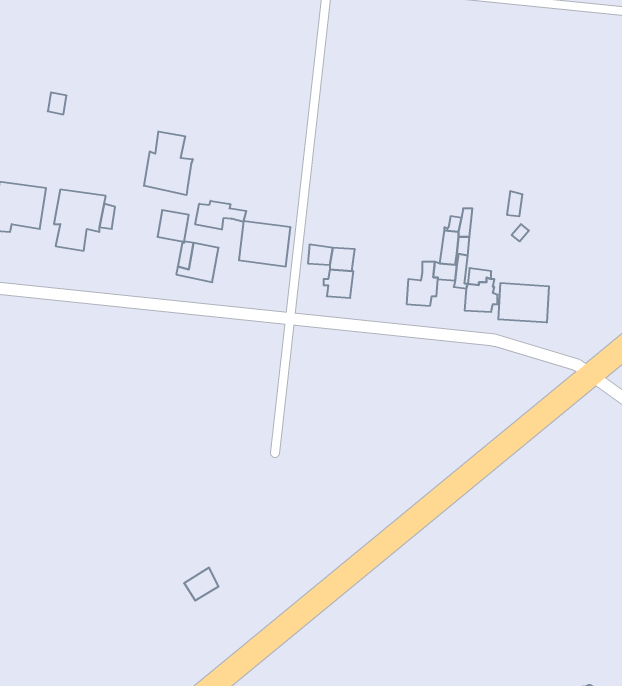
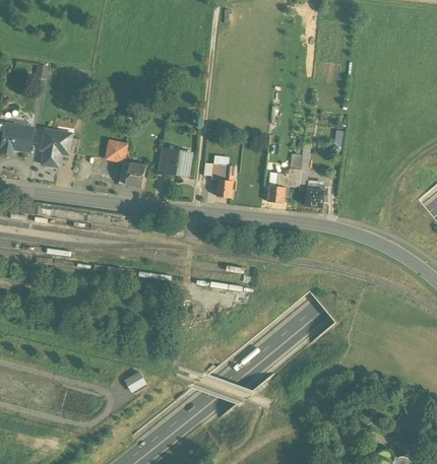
building: [144,131,193,195] -> none
building: [195,201,246,230] -> none
building: [498,283,549,323] -> none

